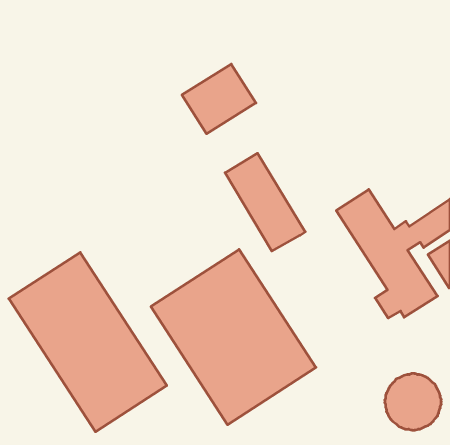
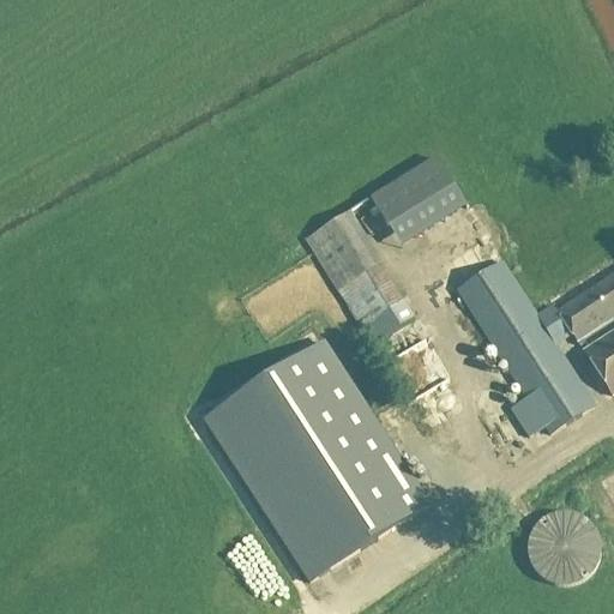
building: [182,64,256,134] -> [367,158,468,253]
building: [9,252,167,432] -> none

